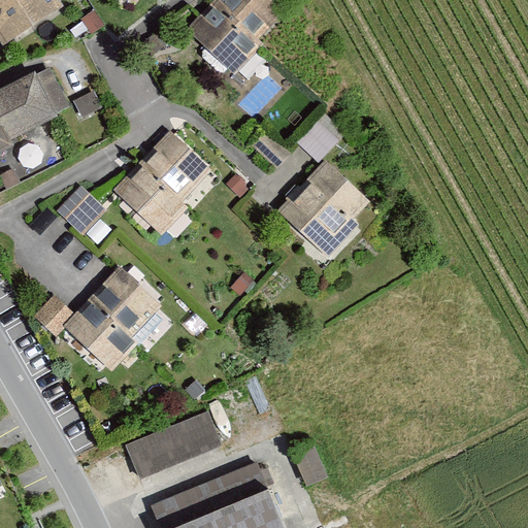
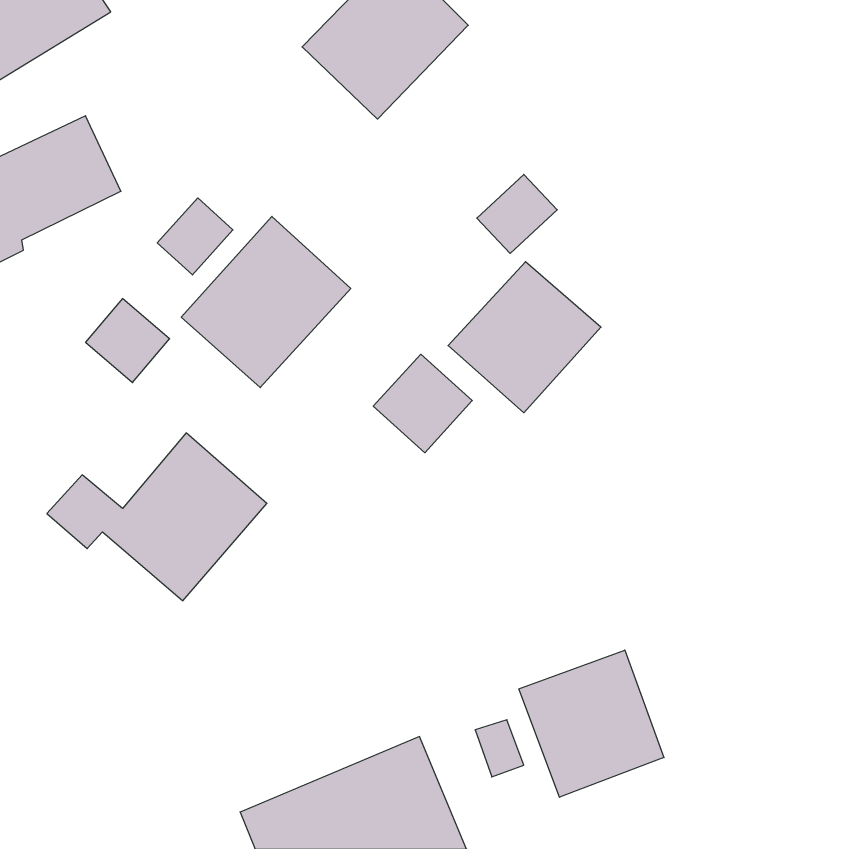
building: none -> [157,198,233,275]
building: none -> [373,354,472,453]
building: none -> [519,650,664,797]
building: [123,409,222,482] -> none

